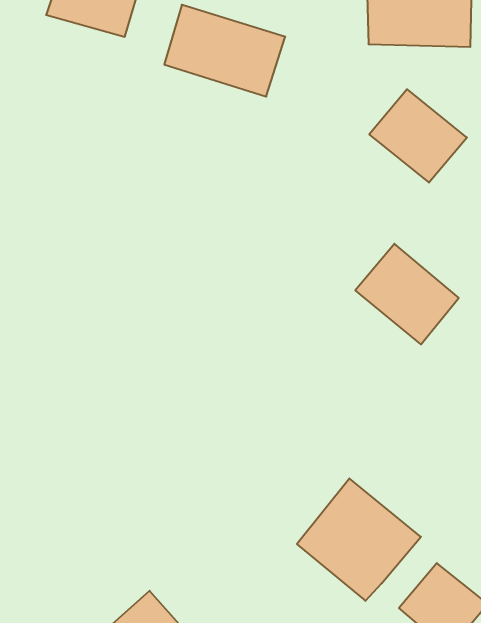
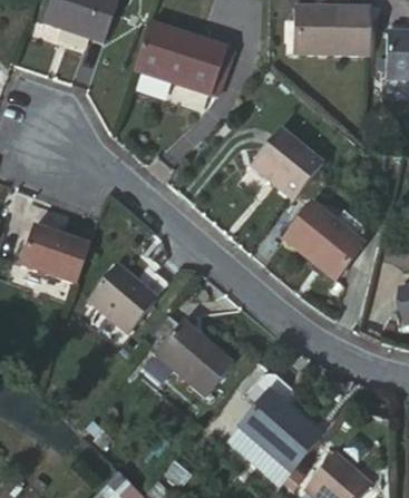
building: [369,89,467,183] -> [246,127,321,198]
building: none -> [20,223,91,280]
building: none -> [88,261,159,329]
building: none -> [156,324,235,394]

